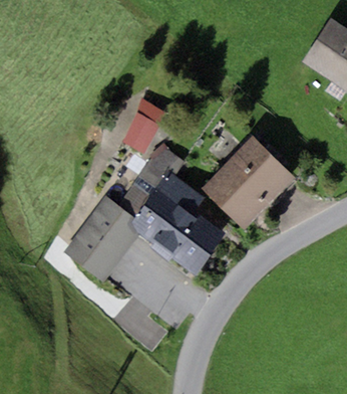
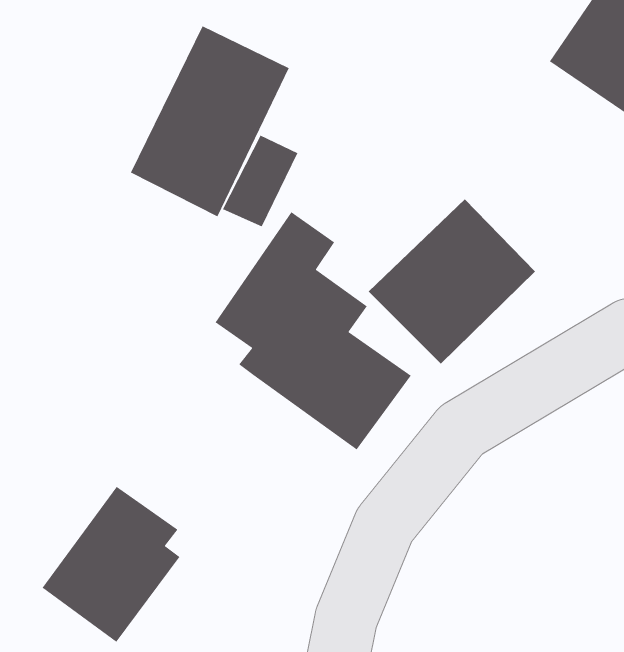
building: none -> [130,25,290,218]
building: [63,196,139,282] -> [42,486,180,643]

